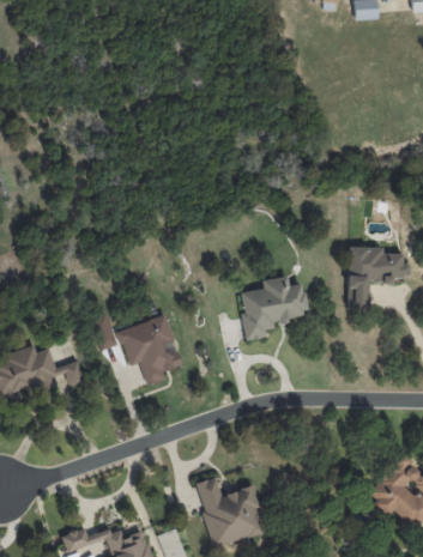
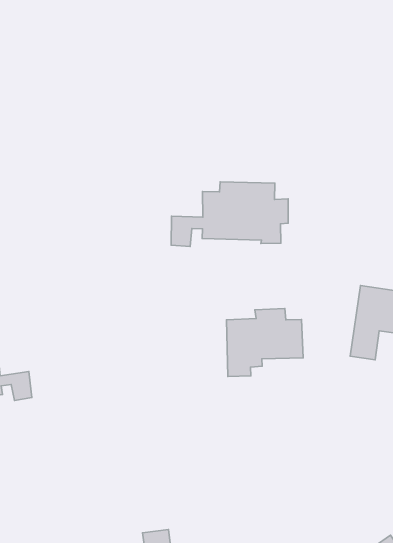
building: none -> [171,182,288,247]
building: [117,315,182,385] -> none

